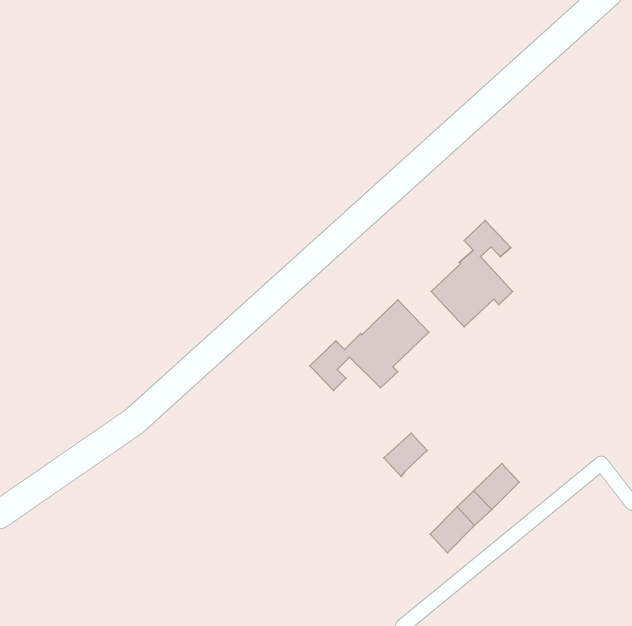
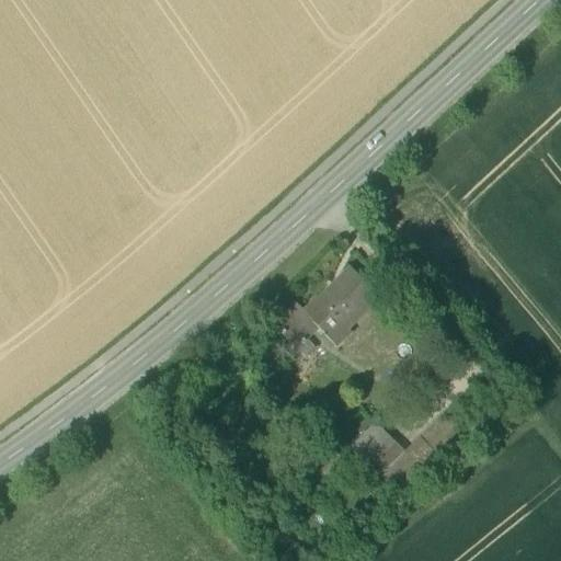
building: [431,221,513,327] -> none
building: [384,433,427,476] -> [352,420,390,458]

